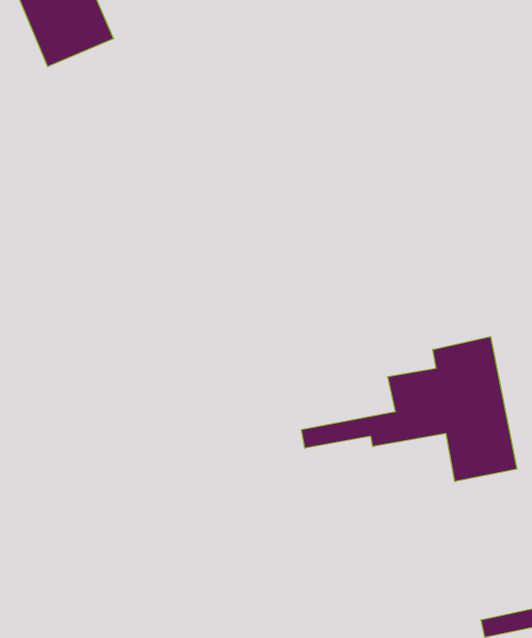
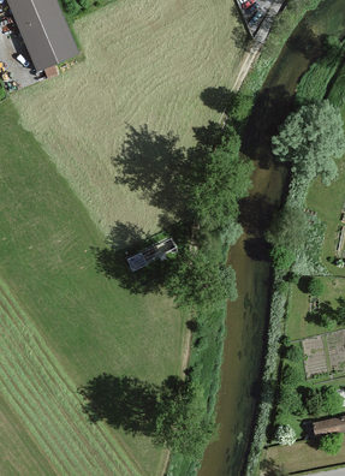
building: [302,337,517,482] -> none

